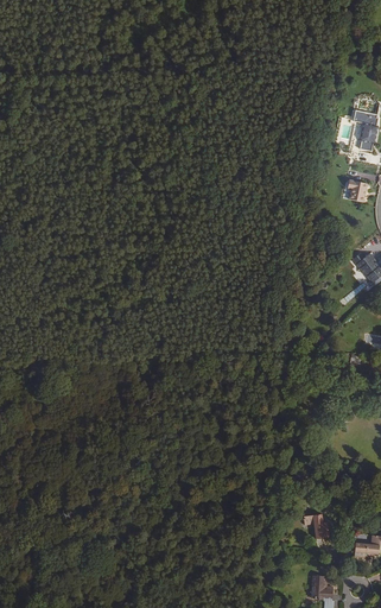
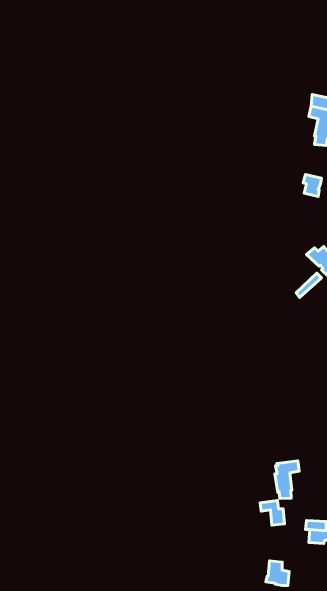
building: none -> [275,461,299,498]

